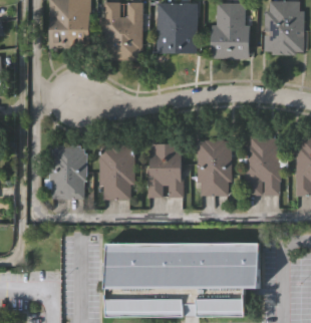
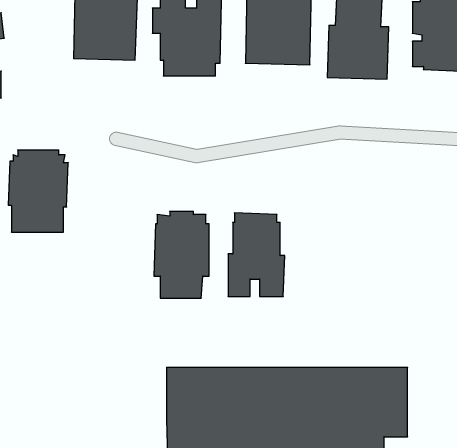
building: [246,138,281,198] -> none
building: [197,141,231,198] -> none
building: [50,146,88,199] -> [8,150,68,232]

